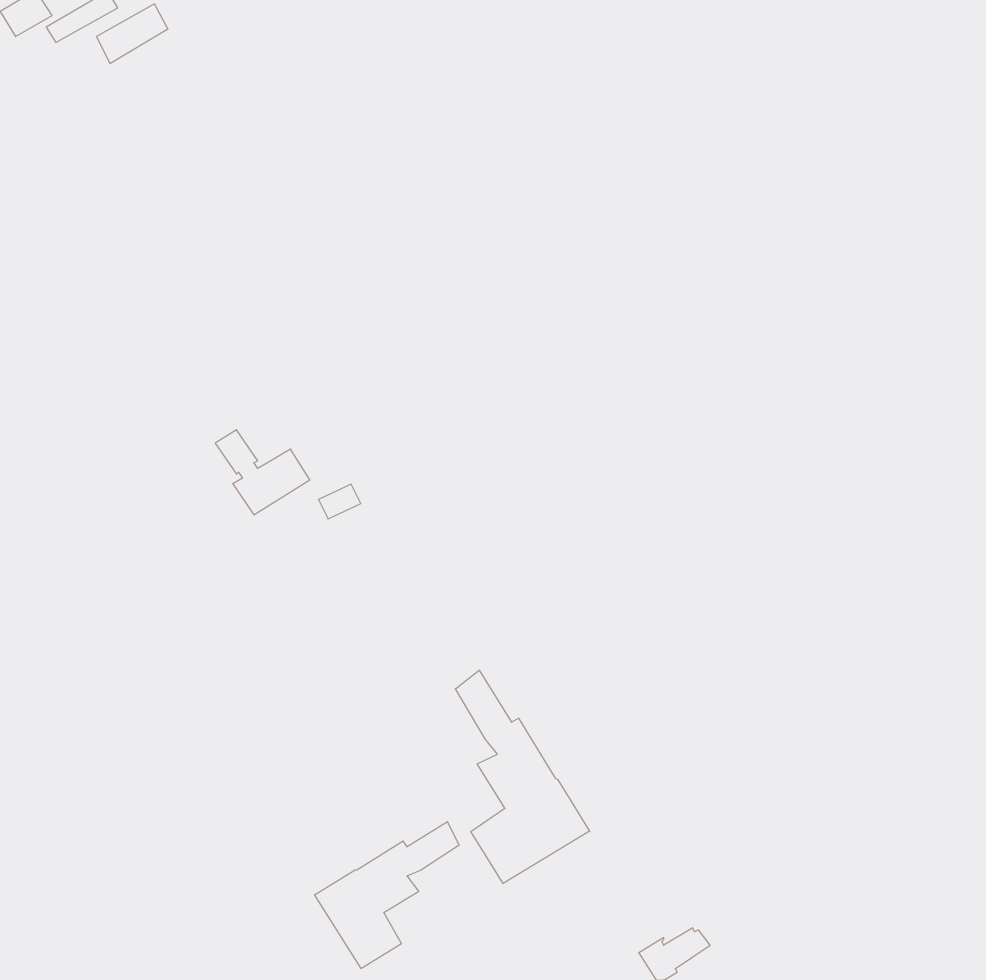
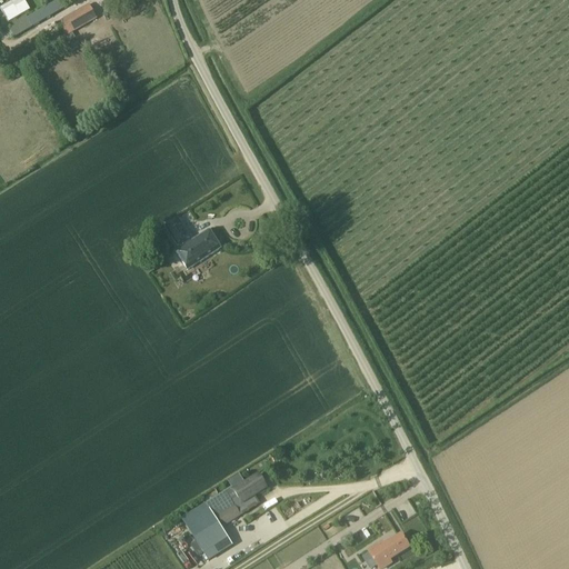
building: [215,430,310,515] -> [166,218,220,267]
building: [455,670,590,884] -> none

